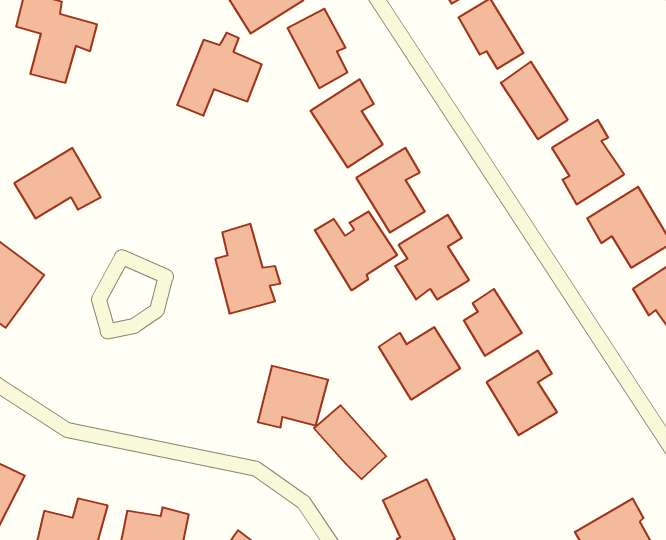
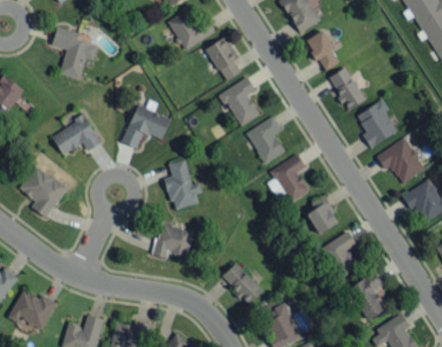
building: [177,33,262,116] -> [122,100,170,147]
building: [315,211,397,290] -> none
building: [379,327,460,400] -> none
building: [258,366,328,427] -> [153,223,193,258]
building: none -> [350,273,386,320]

